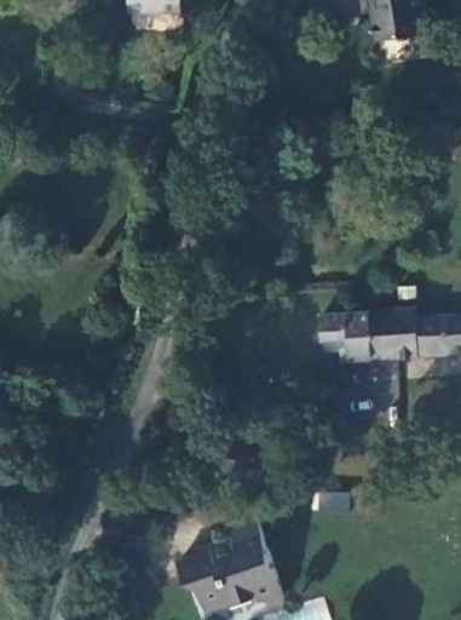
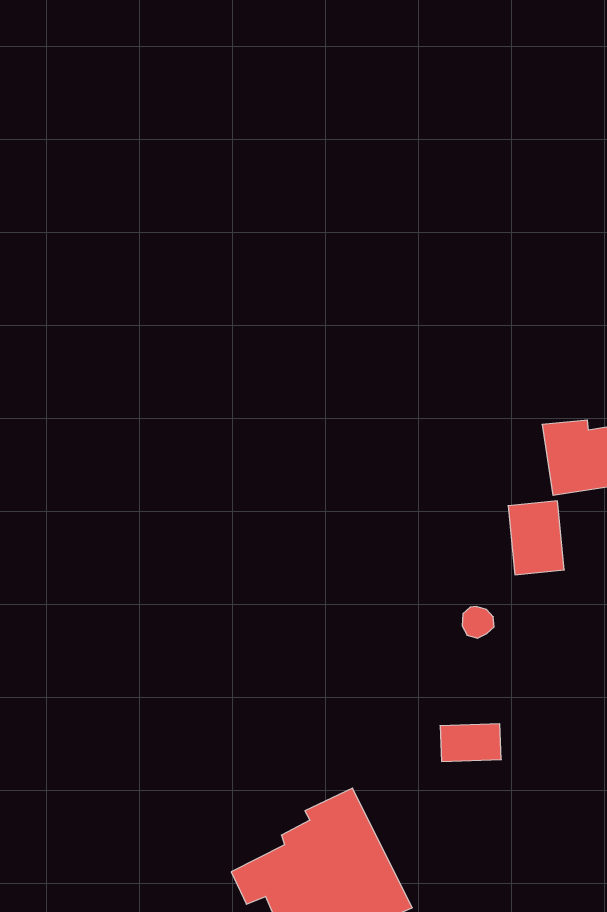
building: [321,314,392,357] -> none

